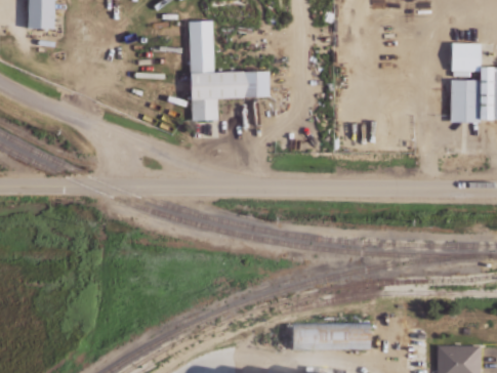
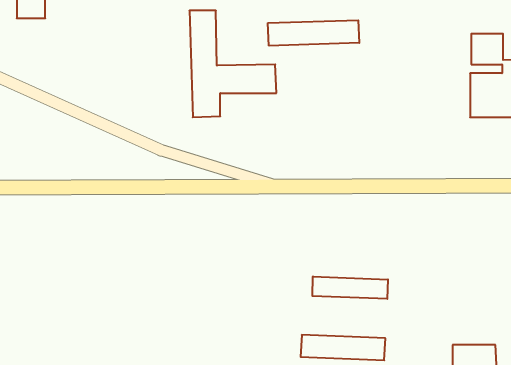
building: none -> [268,20,359,46]
building: none -> [312,276,388,299]

